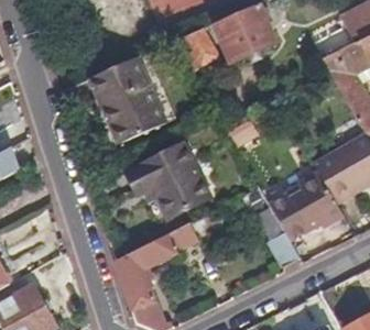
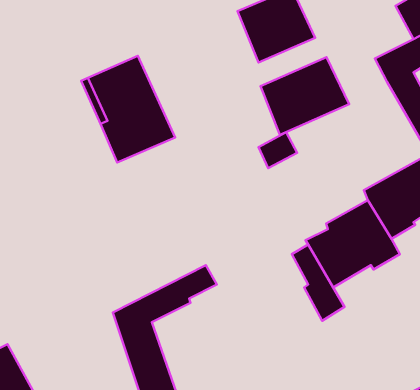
building: [172,26,218,72] -> none
building: none -> [260,57,349,135]
building: [131,142,210,217] -> none

